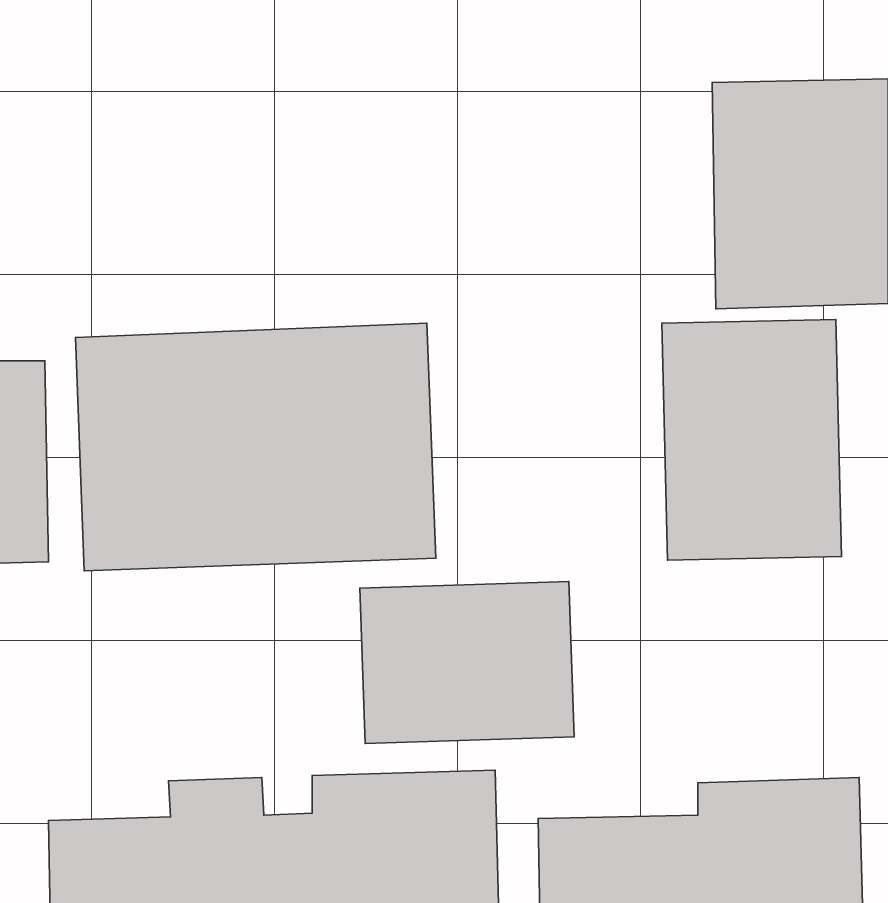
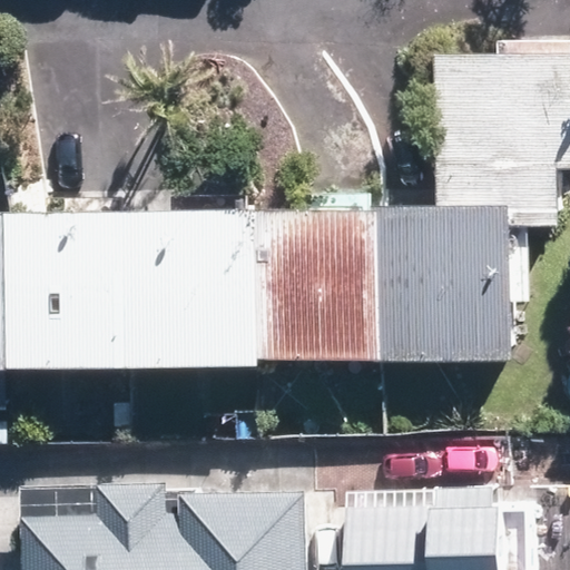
building: none -> [283,215,397,357]
building: [360,581,574,744] -> none

